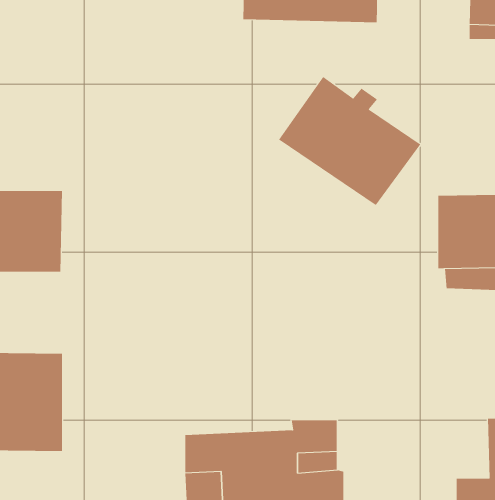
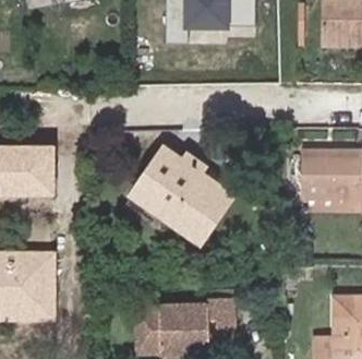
building: [278,76,421,206] -> [133,151,227,236]

